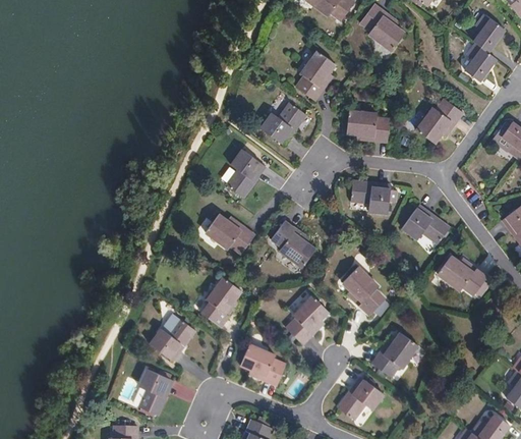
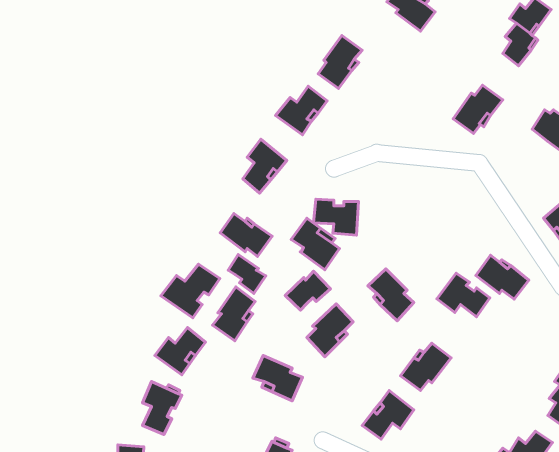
building: [349,112,391,143] -> none
building: [350,181,391,214] -> [314,199,359,235]
building: [400,203,448,242] -> [437,273,490,317]
building: none -> [228,254,266,293]
building: none -> [161,264,220,318]
building: none -> [285,271,330,310]

